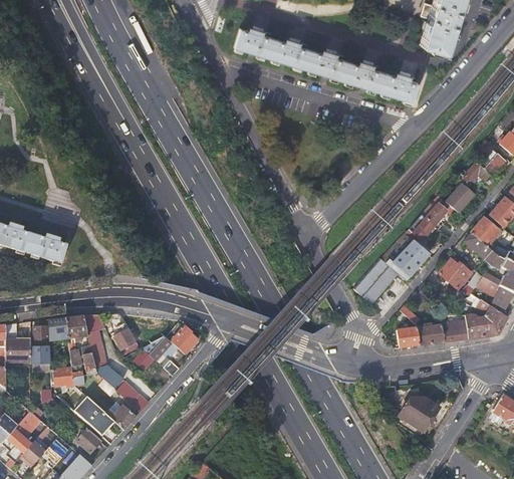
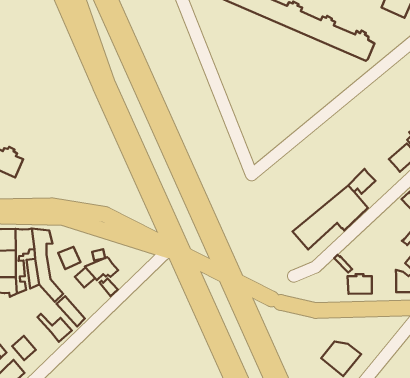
building: [426,195,455,229] -> none
building: [440,258,472,288] -> none
building: [442,321,469,342] -> none
building: [171,324,197,353] -> none
building: [398,325,420,347] -> none
building: [74,395,115,435] -> none

